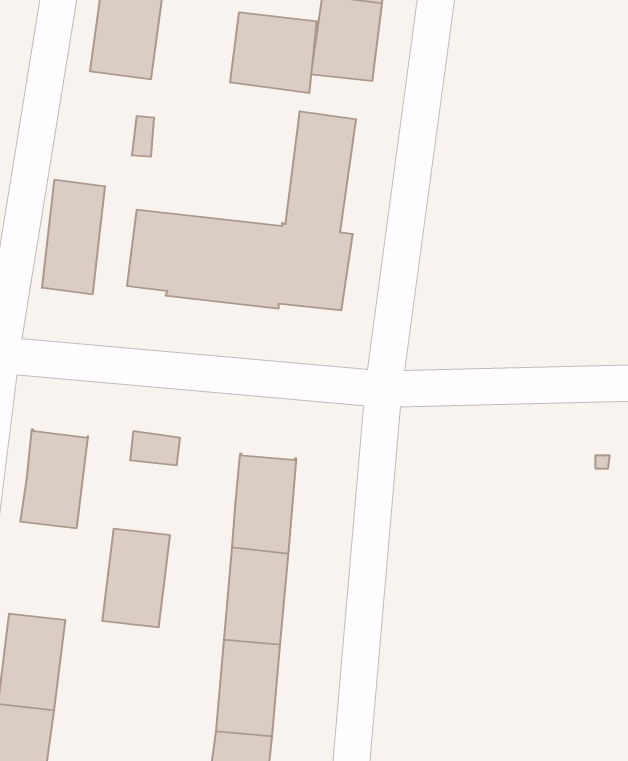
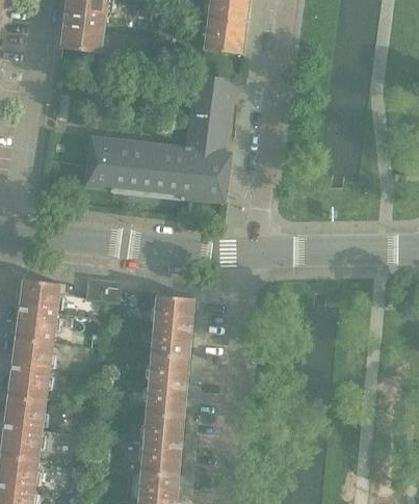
building: [230,12,316,93] -> none
building: [42,180,105,294] -> none
building: [102,529,170,627] -> [8,338,52,401]

